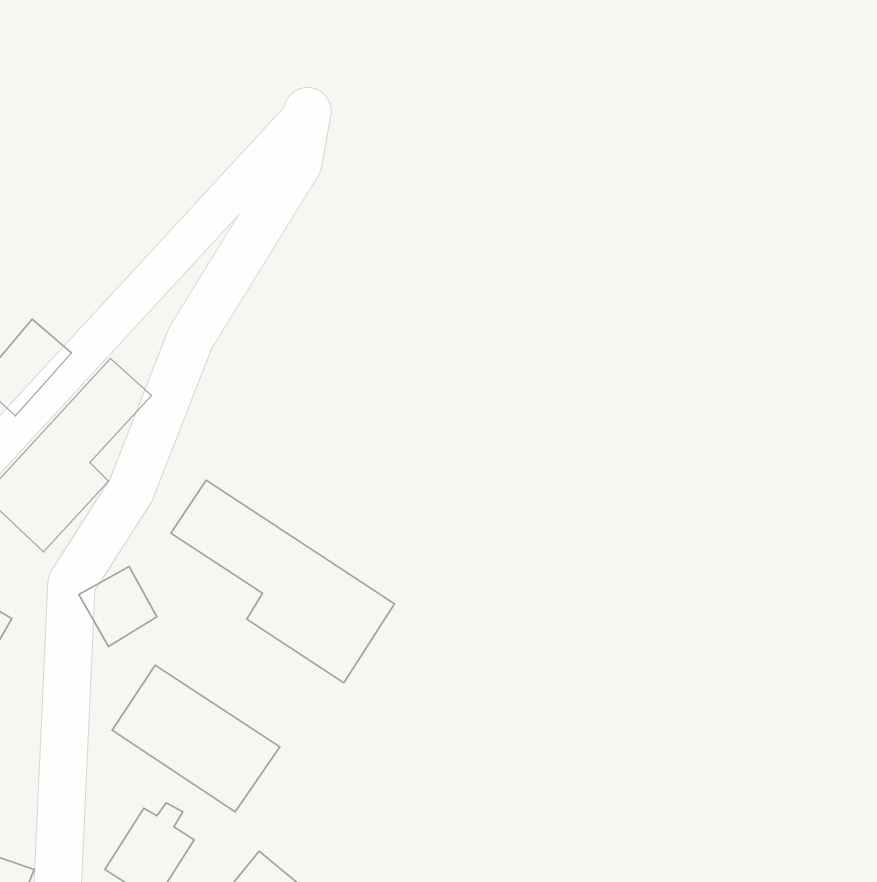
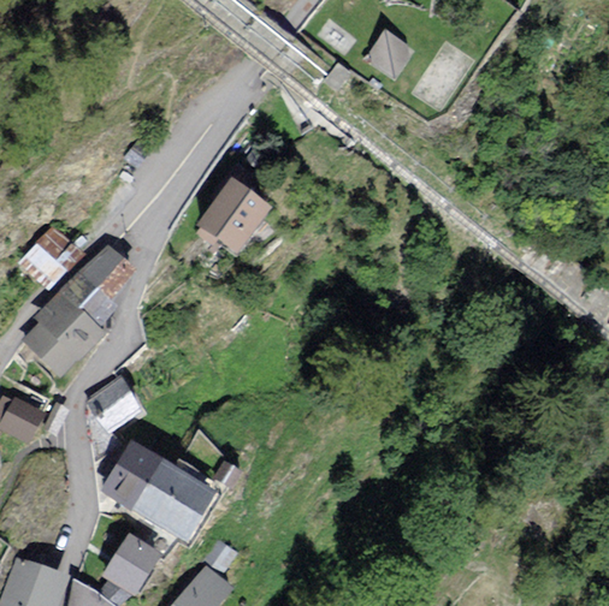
building: none -> [362,26,410,73]
building: none -> [201,185,262,250]
building: [171,480,394,683] -> none

